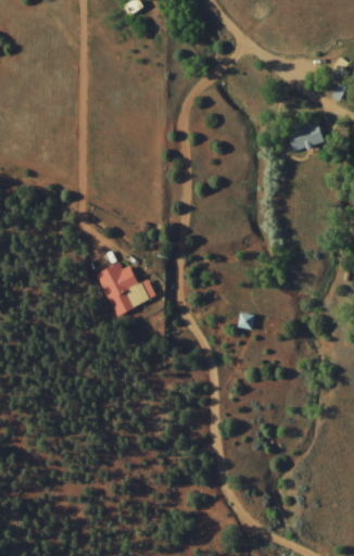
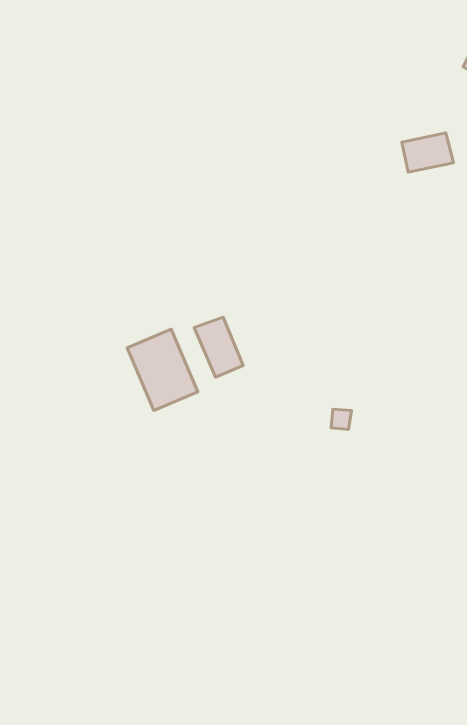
building: none -> [194,317,243,377]

